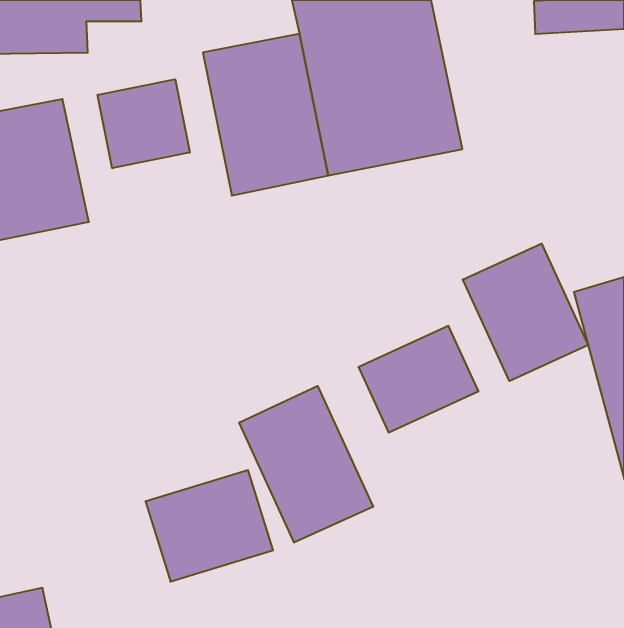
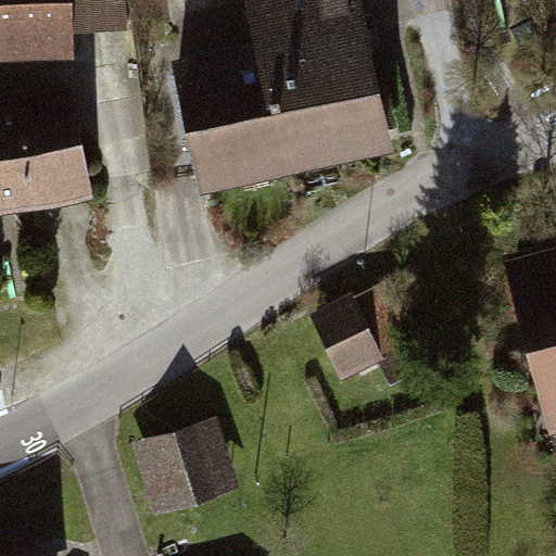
building: [98,79,190,168] -> none
building: [463,244,588,381] -> none
building: [239,386,373,543] -> none

